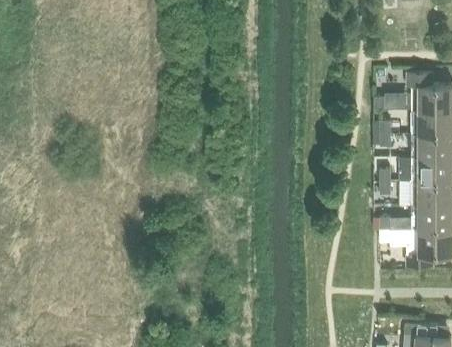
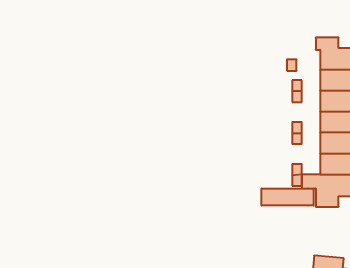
building: none -> [262,188,314,206]

